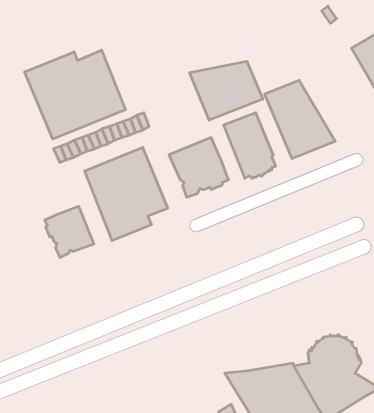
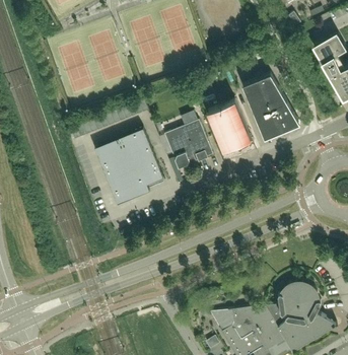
building: [25,50,125,139] -> none
building: [190,61,263,120] -> none
building: [45,206,94,258] -> none

